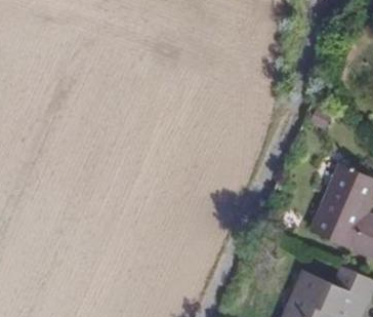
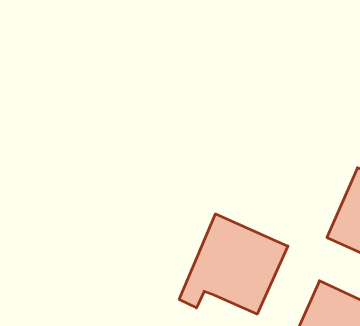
building: none -> [179,214,288,314]

